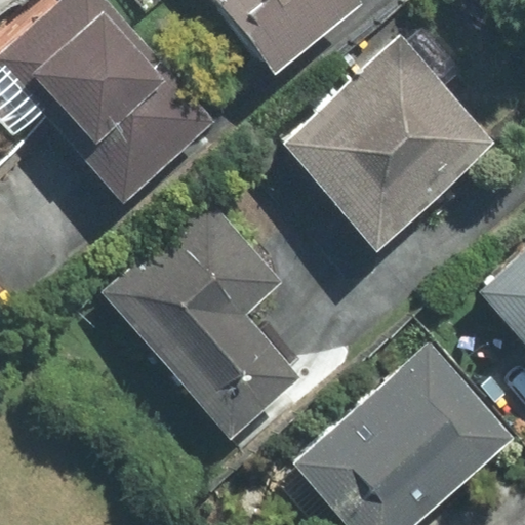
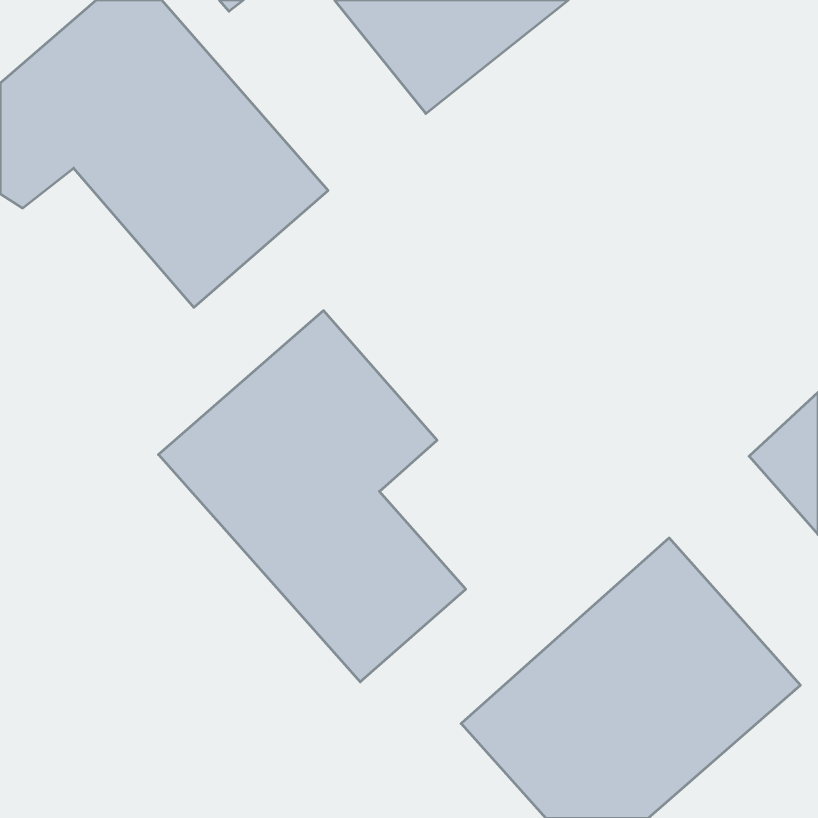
building: [284,39,493,247] -> none

